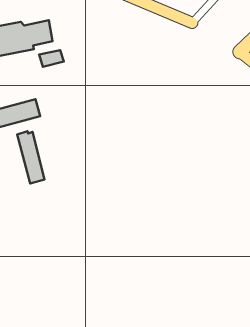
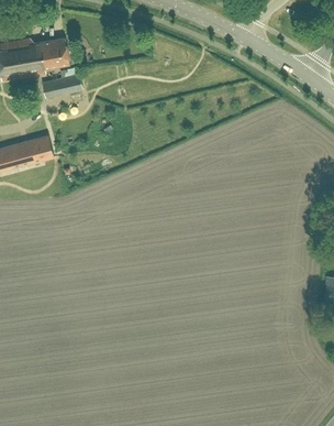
building: [17,131,45,183] -> none

